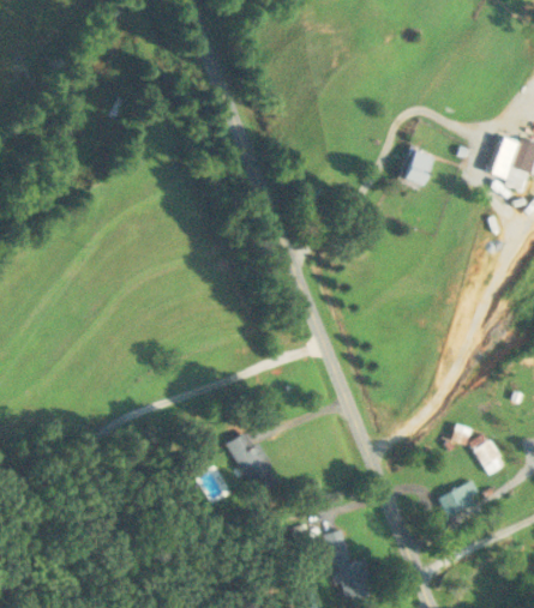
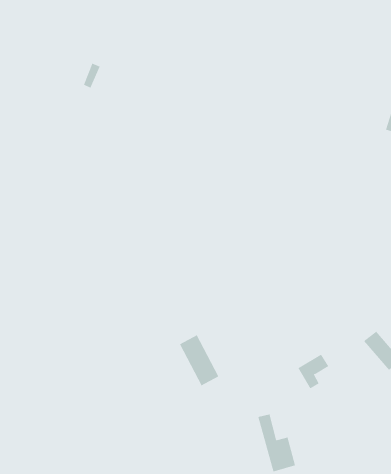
building: [397,146,433,188] -> none
building: [440,481,480,525] -> [297,354,329,389]

